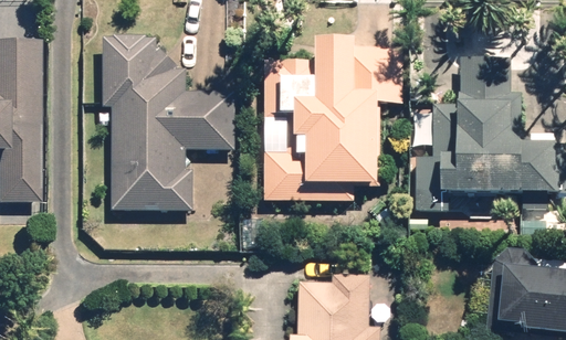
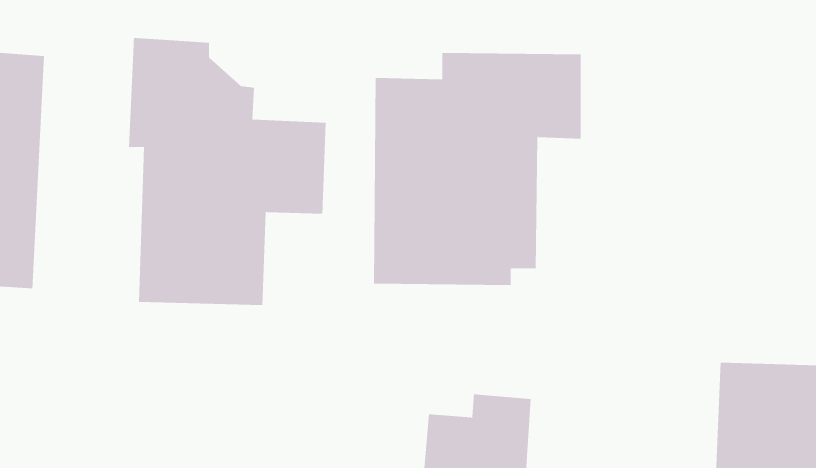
building: [419,63,553,196] -> none

